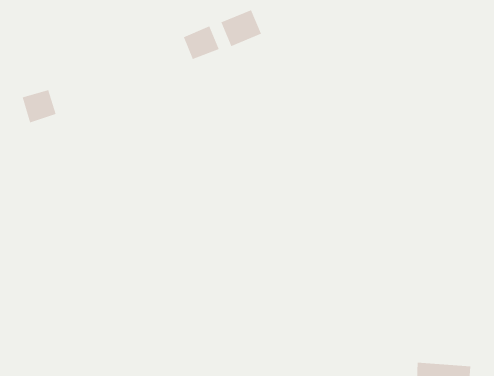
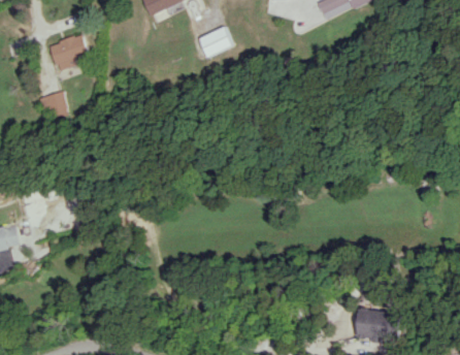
building: none -> [50,34,89,71]
building: [183,26,219,60] -> none

